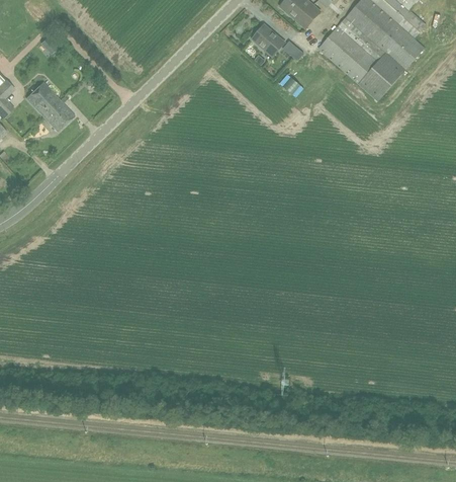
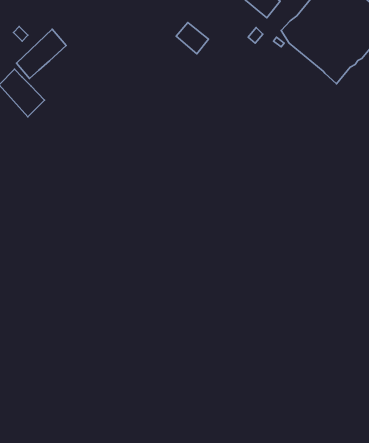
building: [250,24,283,57] -> [176,23,208,54]
building: none -> [16,29,66,79]

